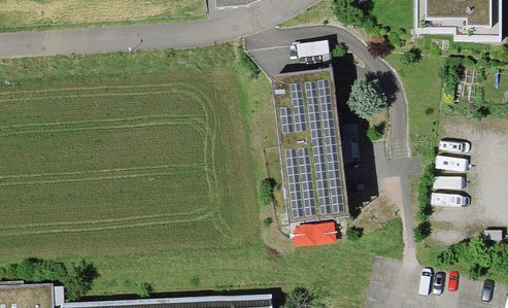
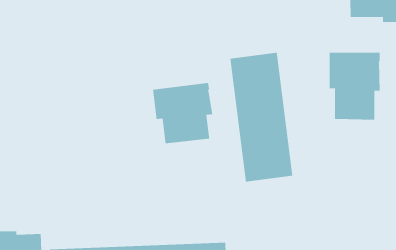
building: none -> [329,52,380,120]
building: none -> [152,82,213,144]

